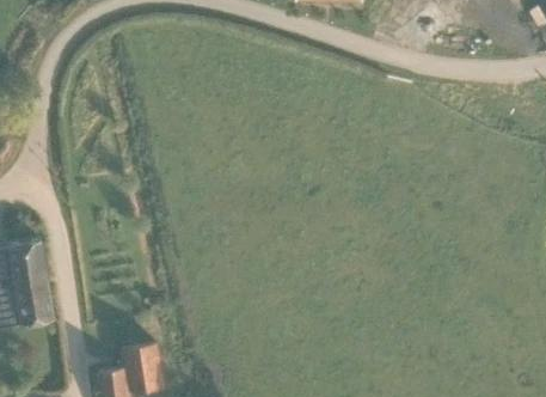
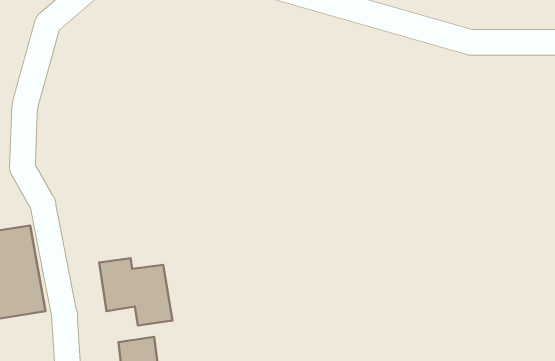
building: none -> [99,258,173,326]

